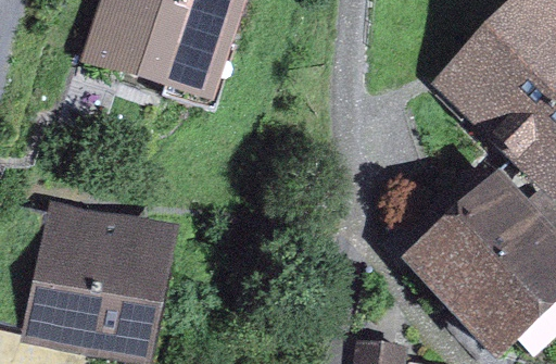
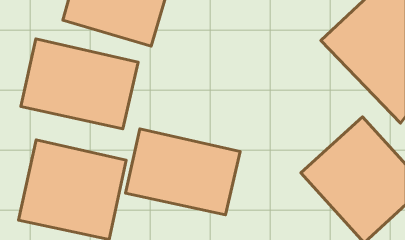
building: none -> [21,39,138,129]
building: none -> [126,129,240,215]

